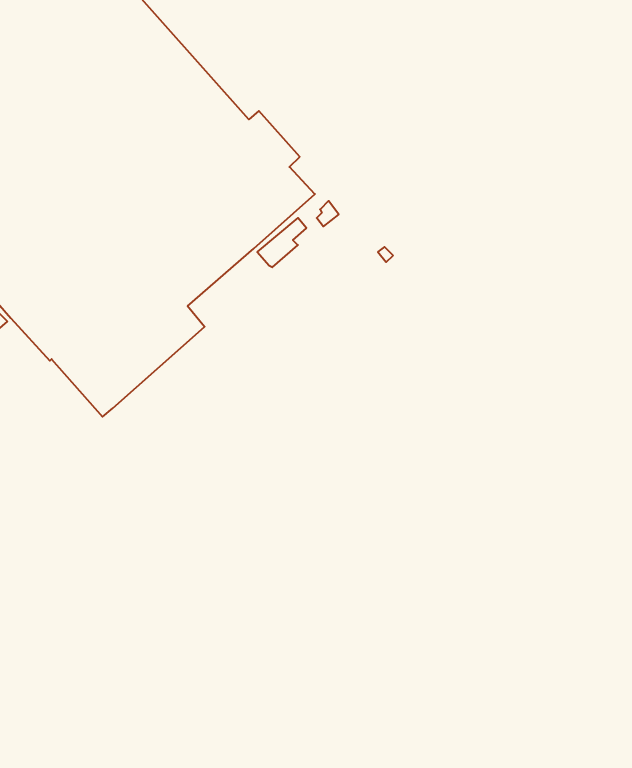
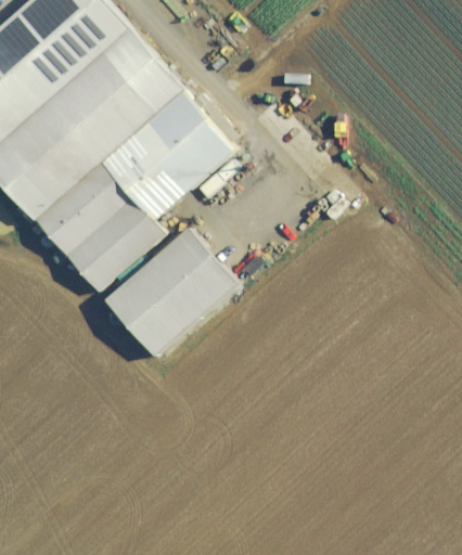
building: none -> [105,225,236,353]

